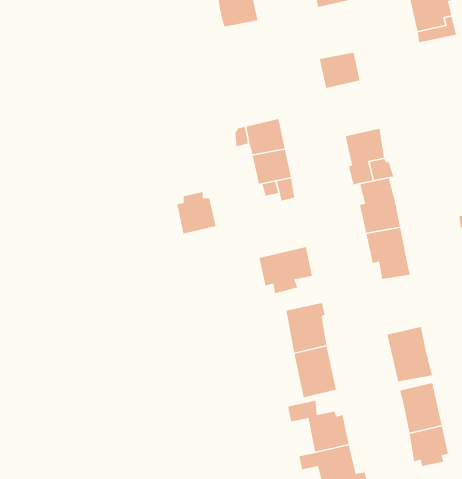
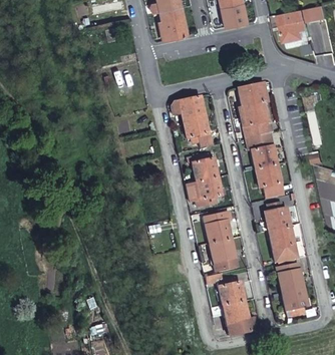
building: [319,52,361,89] -> [237,84,263,107]
building: [176,191,216,234] -> [192,154,217,182]
building: none -> [263,203,289,232]

